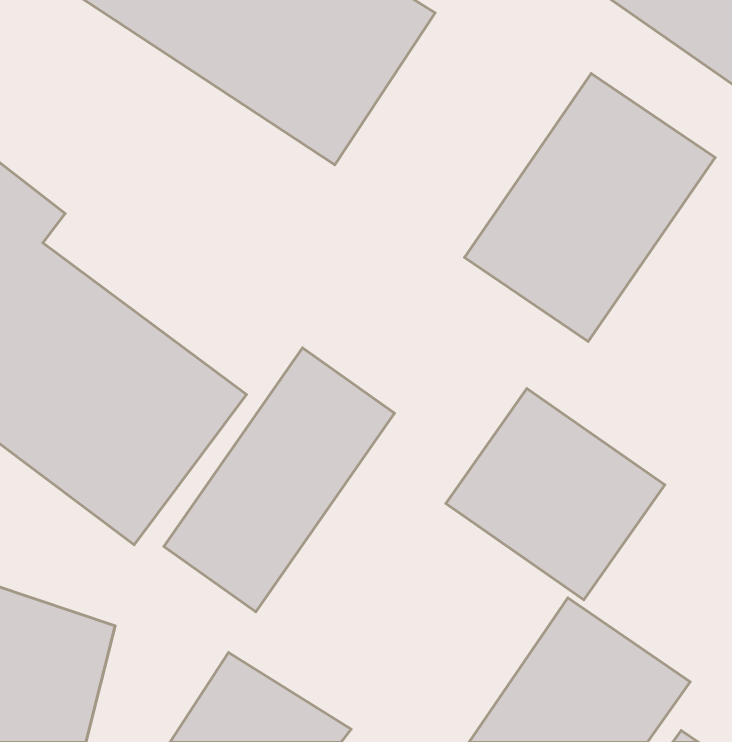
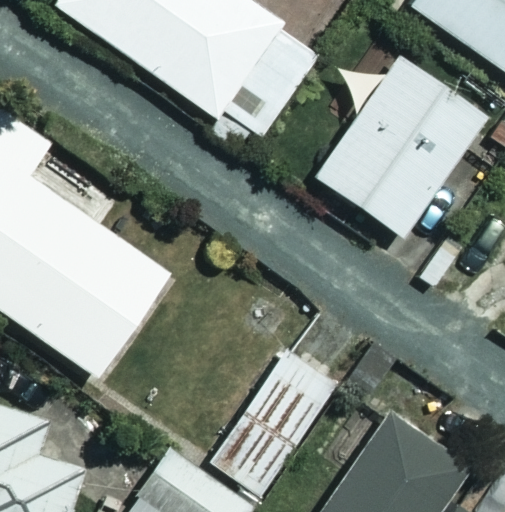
building: [164,348,394,612] -> none
building: [446,388,665,600] -> none
building: none -> [212,353,338,497]

